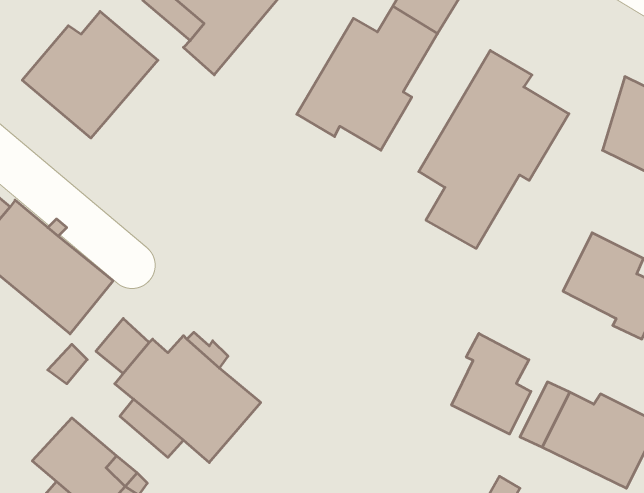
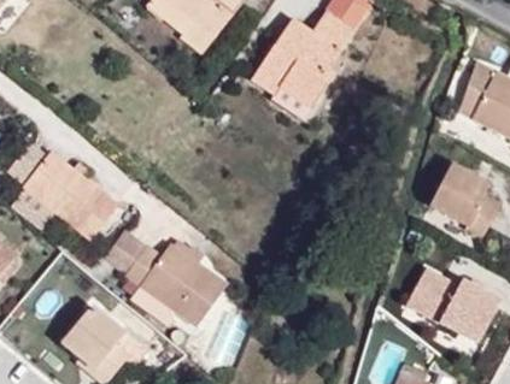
building: [22,11,158,138] -> none
building: [419,50,569,248] -> none
building: [452,333,531,434] -> none

